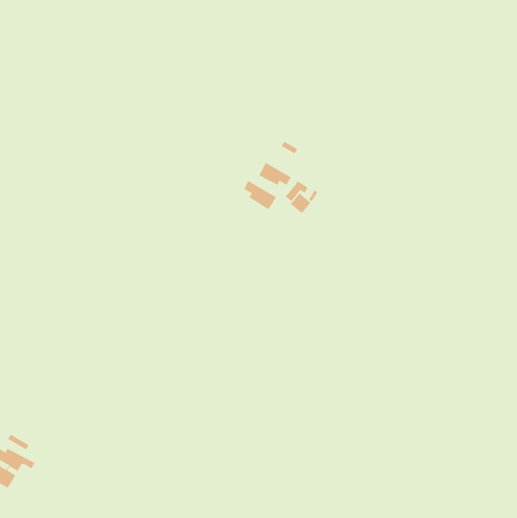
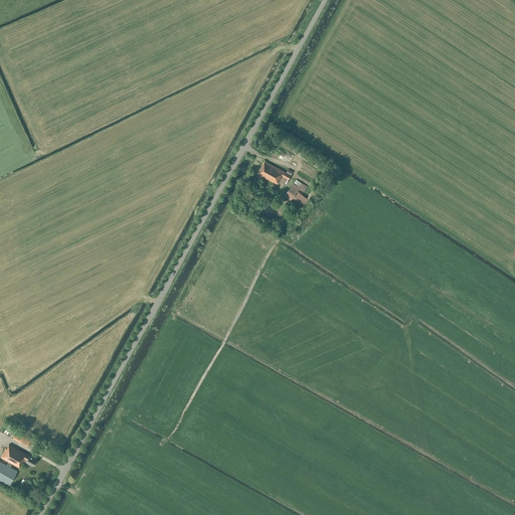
building: [243,180,277,210] -> none

